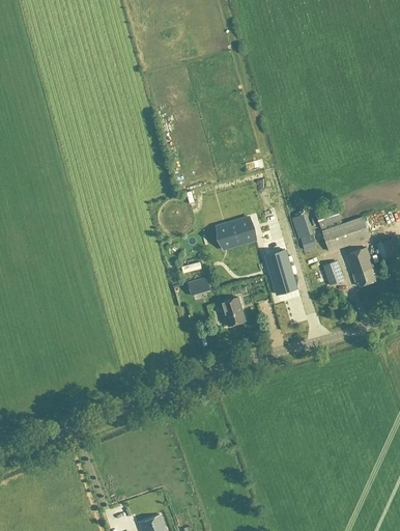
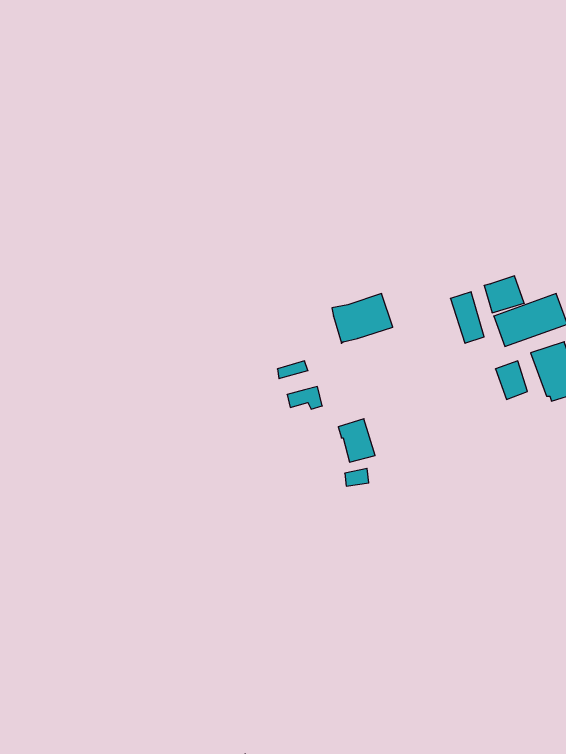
building: [265,250,295,295] -> none

